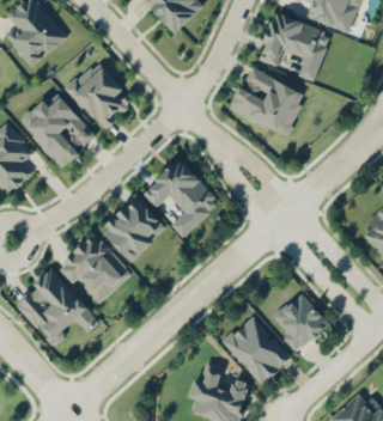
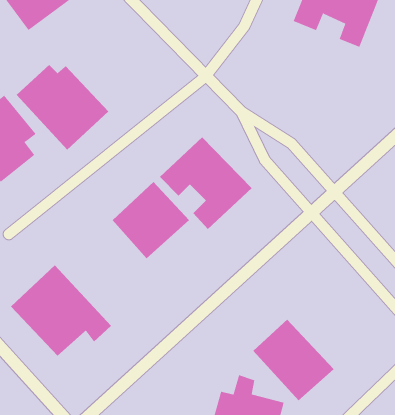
building: [227,66,308,139] -> none
building: [65,68,135,130] -> none
building: [59,232,133,306] -> none
building: [268,292,330,354] -> none

